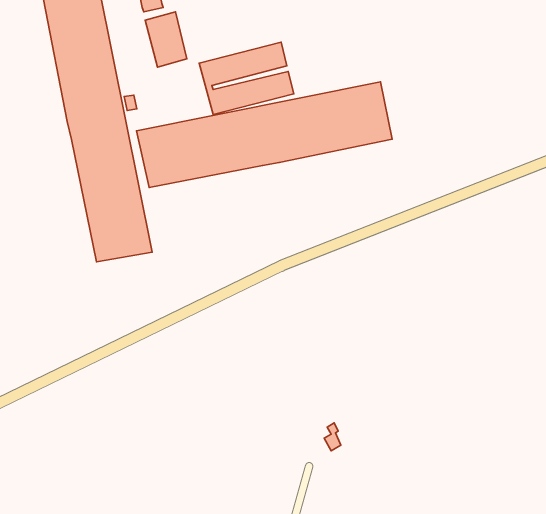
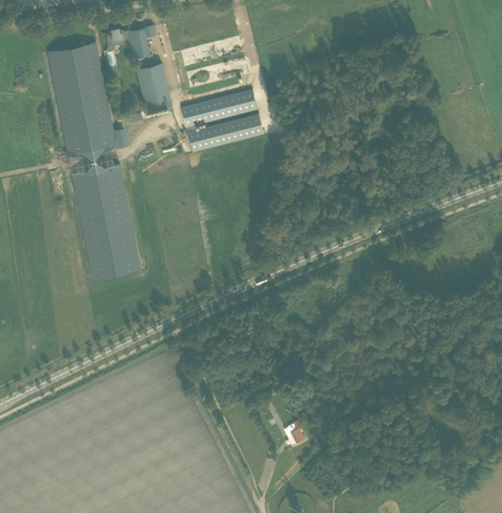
building: [136,82,392,188] -> none

